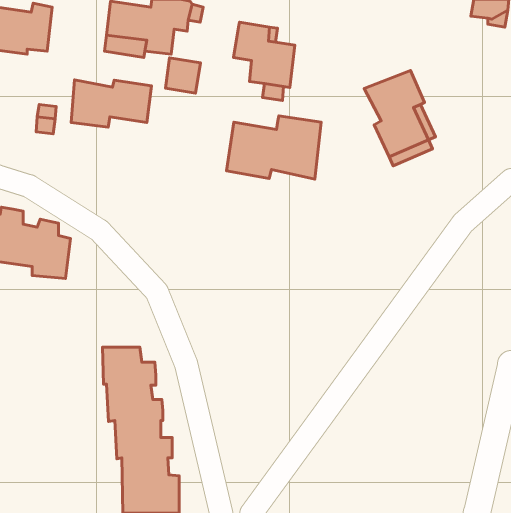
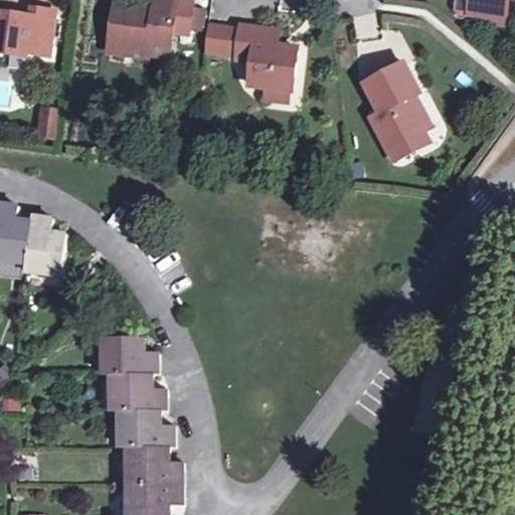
building: [165,58,201,93] -> [203,22,238,57]
building: [71,80,152,127] -> none
building: [227,116,321,179] -> none

